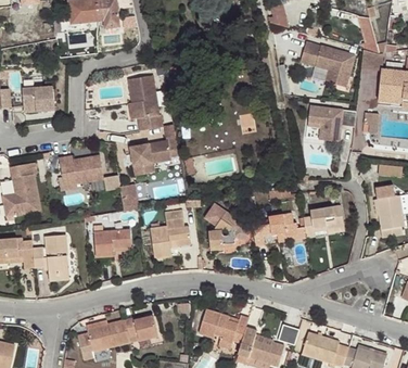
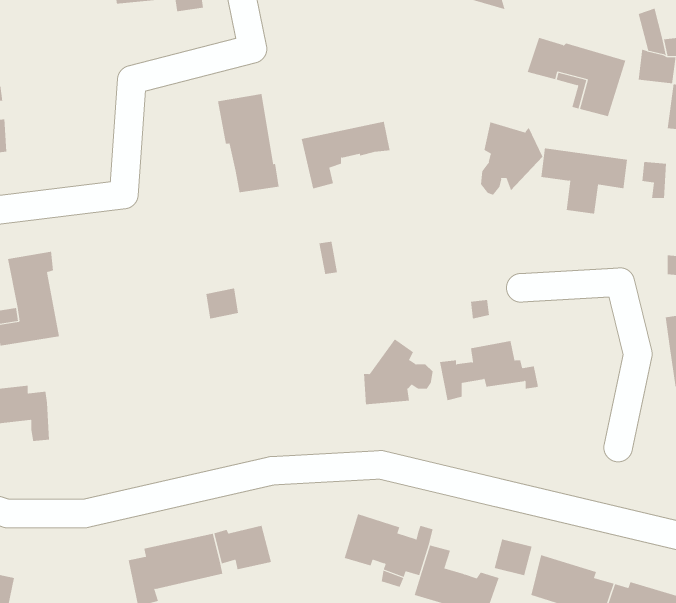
building: [22,85,54,111] -> none
building: none -> [480,121,543,195]
building: [129,138,179,176] -> [301,121,390,189]
building: [59,154,103,189] -> none
building: [303,205,344,237] -> none
building: [150,210,190,258] -> none
building: [93,226,130,256] -> none
building: [33,234,68,280] -> none

